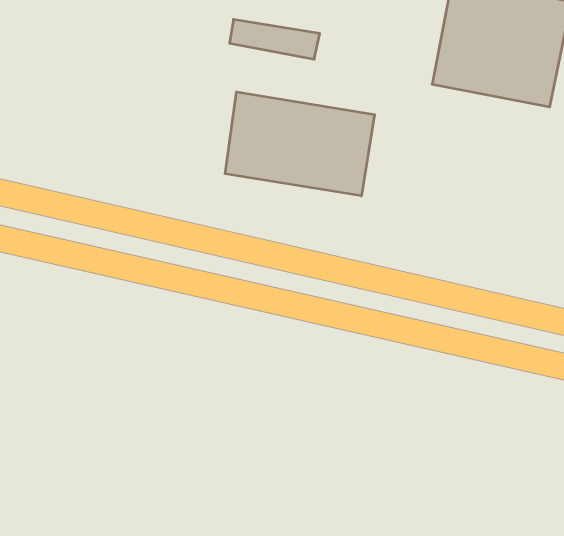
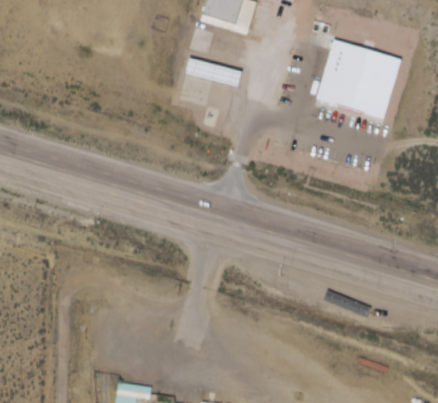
building: [225,92,375,196] -> none

